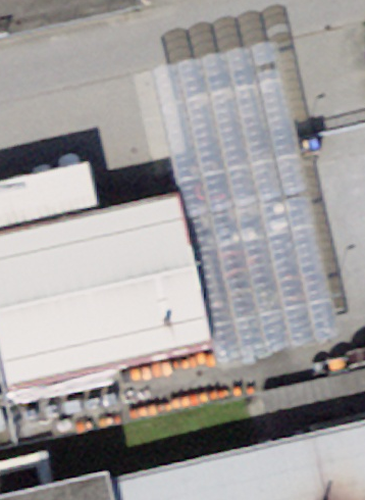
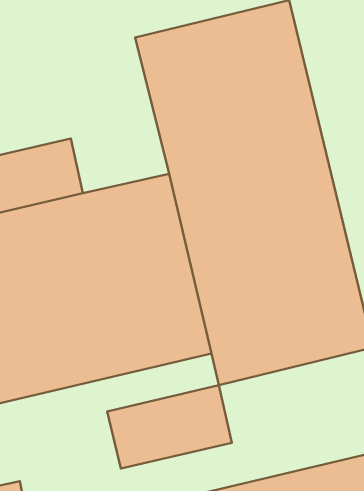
building: none -> [107,385,232,469]

